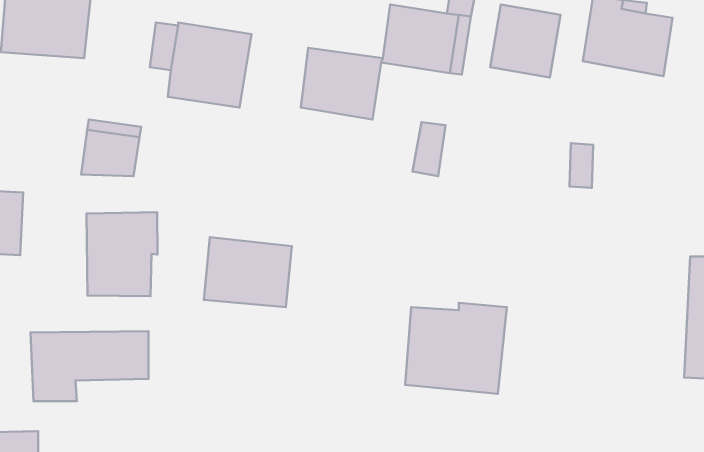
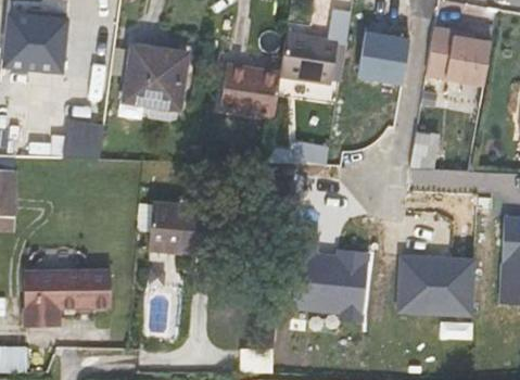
building: [86,212,157,296] -> none
building: none -> [397,255,477,318]

